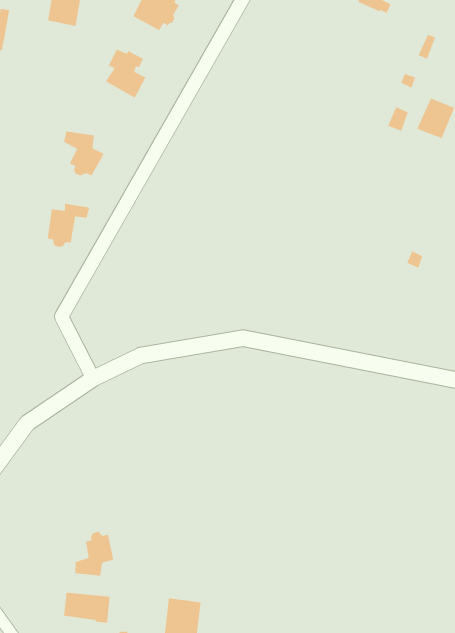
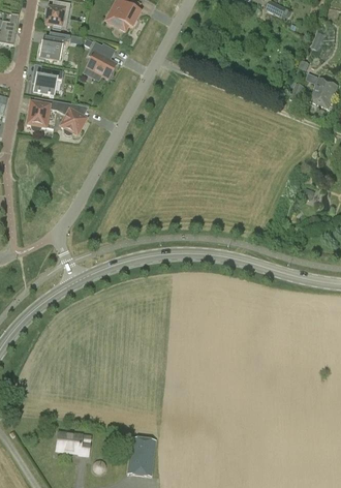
building: none -> [38,32,68,60]
building: none -> [32,68,62,94]
building: [47,203,90,247] -> [27,98,58,130]
building: [75,531,114,576] -> none

